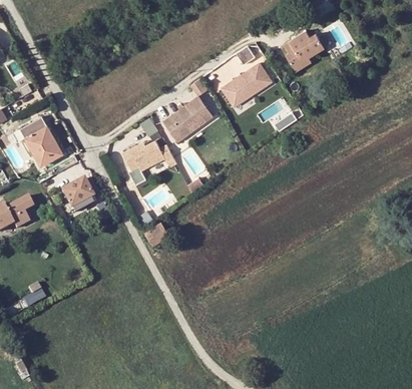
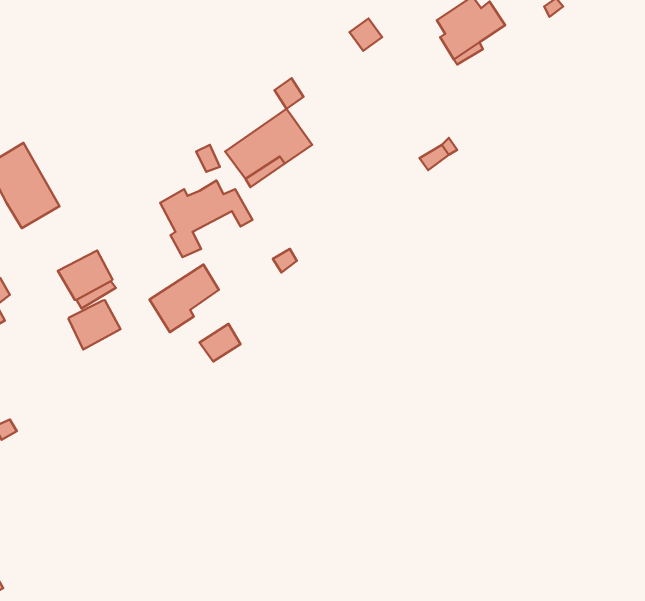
building: [220,61,269,104] -> none
building: none -> [149,264,219,332]
building: none -> [68,300,121,349]

